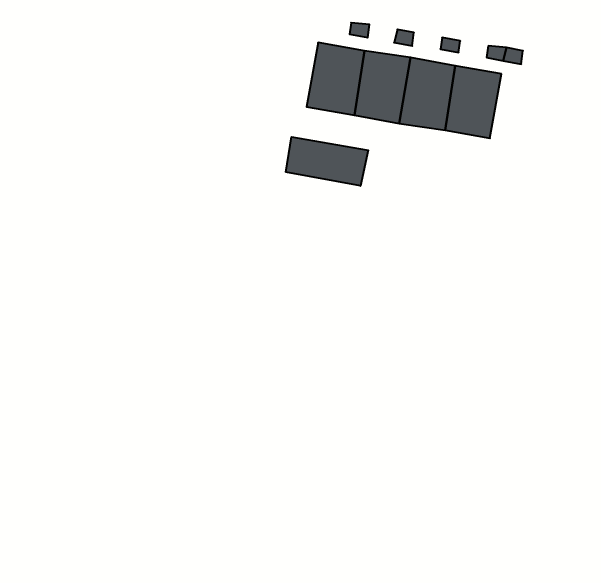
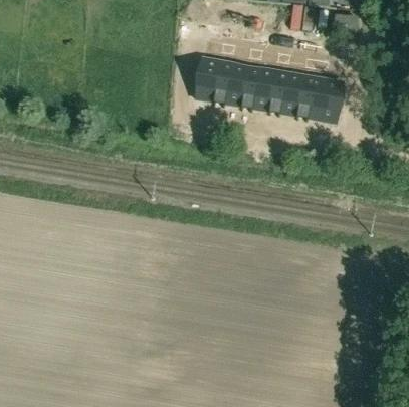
building: none -> [308,75,344,120]
building: [286,137,368,186] -> none

